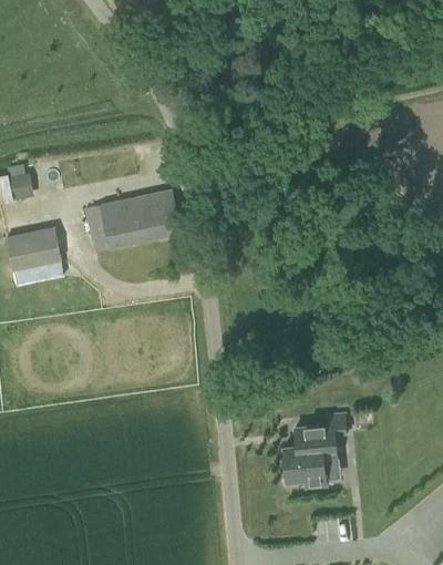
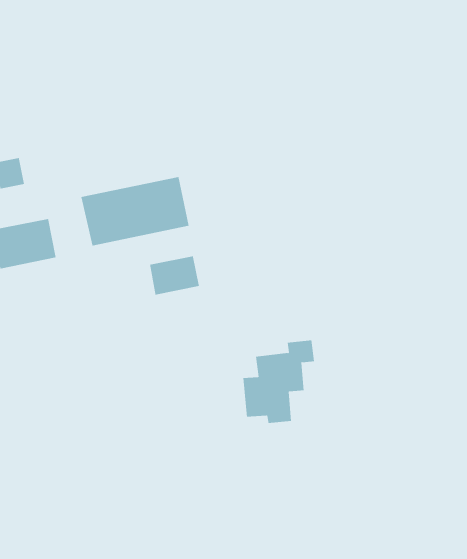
building: none -> [150,256,200,296]
building: [282,414,346,487] -> [242,340,315,424]

